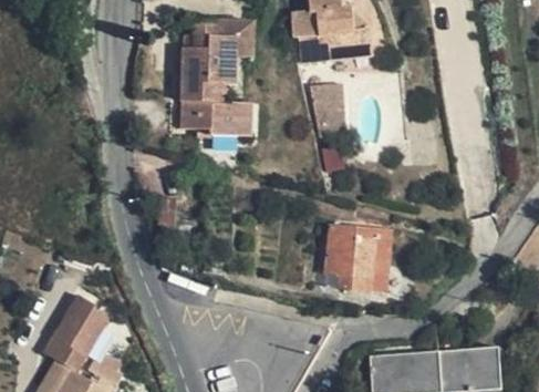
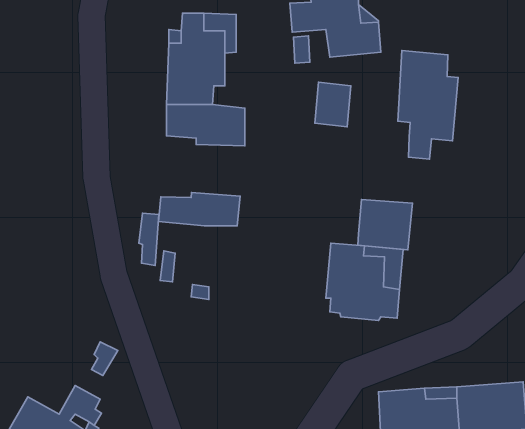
building: none -> [398,51,458,159]
building: none -> [158,193,240,226]
building: none -> [358,200,412,250]
building: [45,297,106,372] -> none

